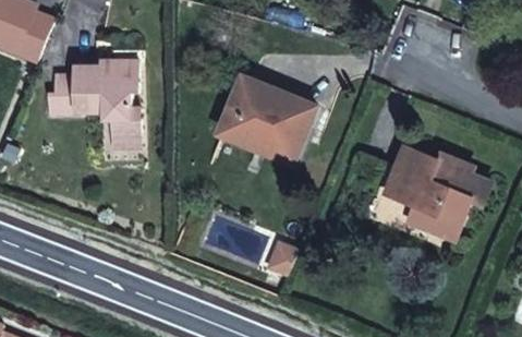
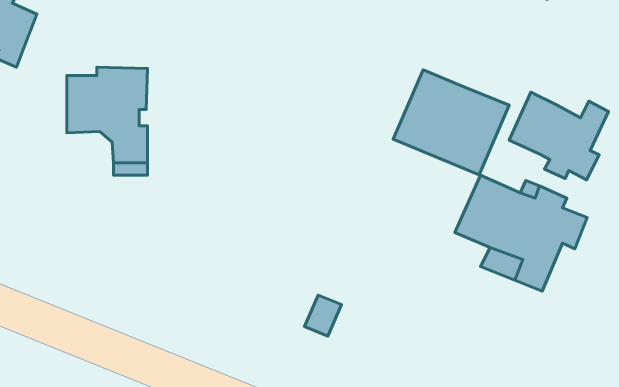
building: [221,77,314,161] -> [393,70,509,175]
building: none -> [509,92,609,180]

